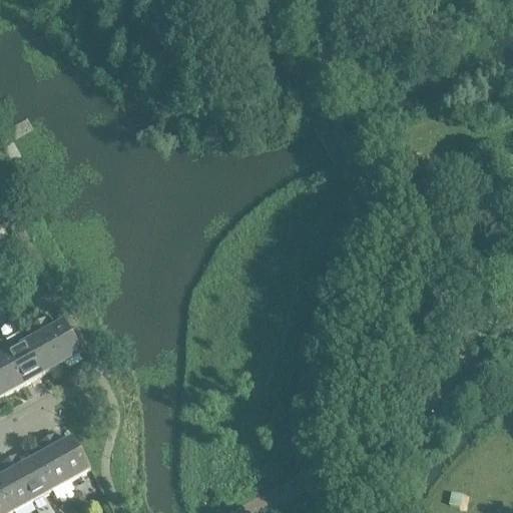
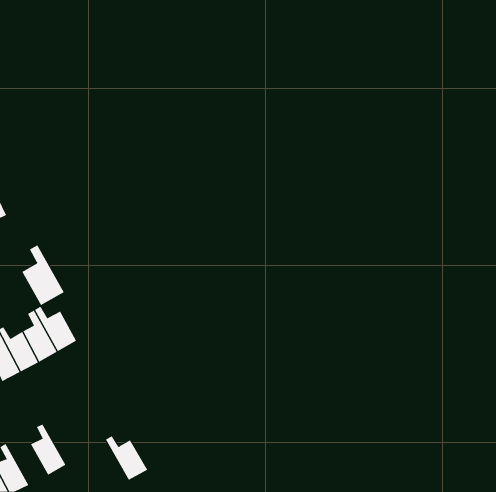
building: none -> [21,244,65,306]
building: [44,432,88,478] -> [105,436,148,480]
building: [6,453,49,499] -> none

